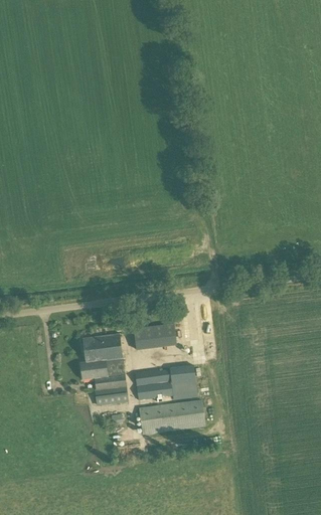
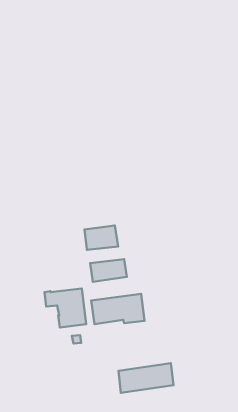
building: [83,333,123,362] -> [84,225,118,250]
building: [140,399,205,435] -> [118,363,173,393]

